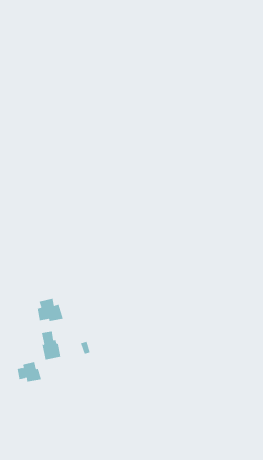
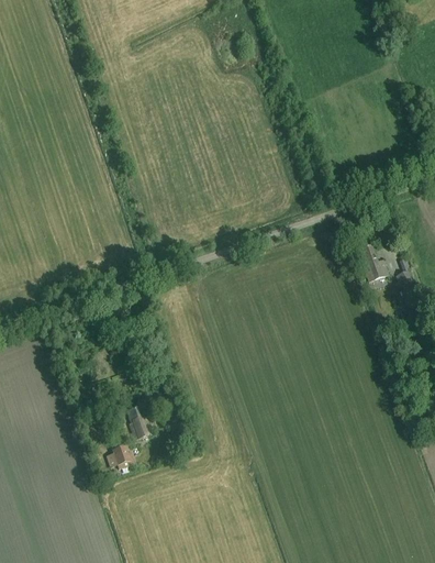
building: [37,298,63,322] -> none

